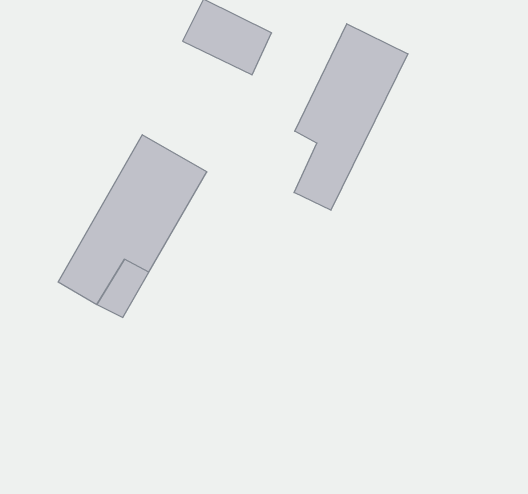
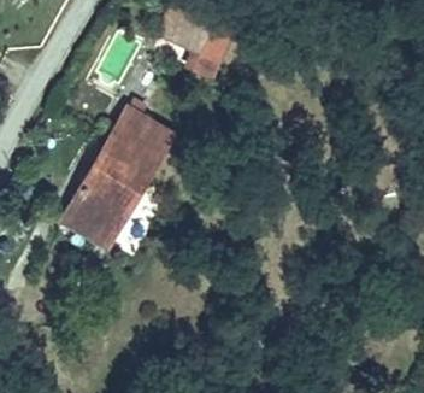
building: [294,24,408,210] -> none

